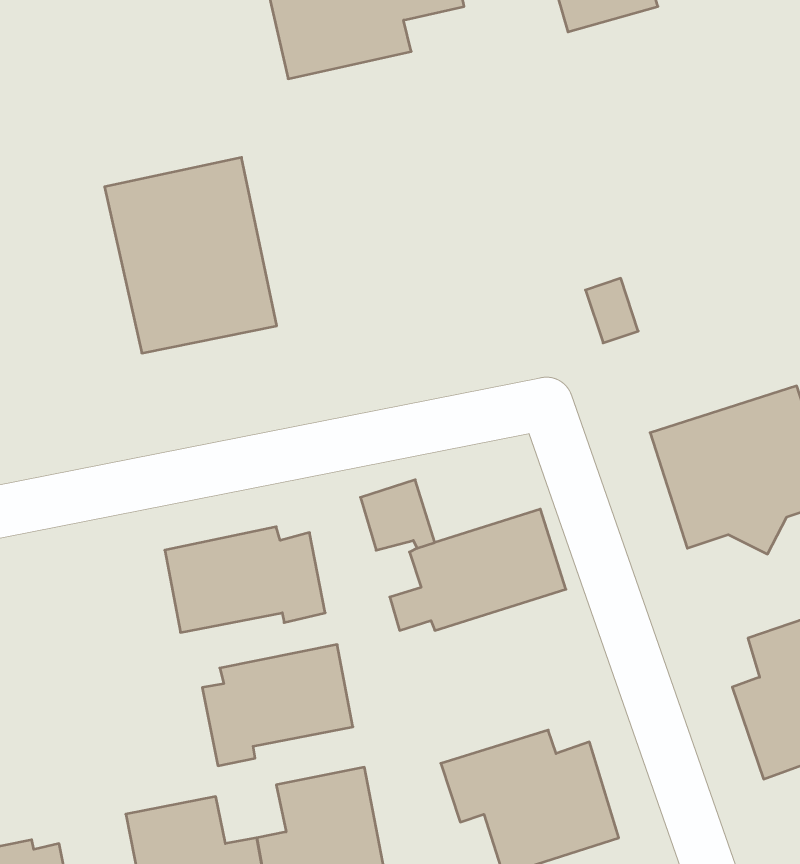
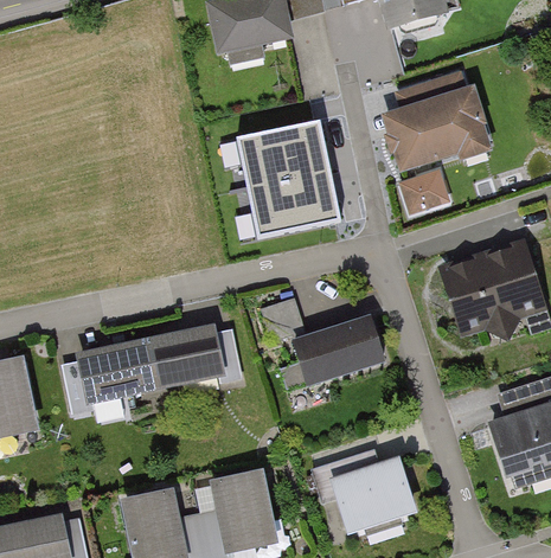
building: none -> [380,68,493,173]
building: [105,157,277,353] -> [236,117,340,236]
building: [202,645,353,766] -> [62,339,153,412]

